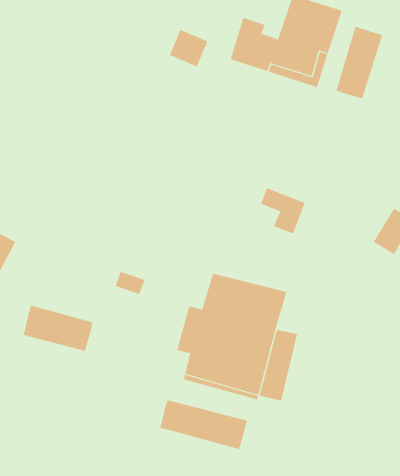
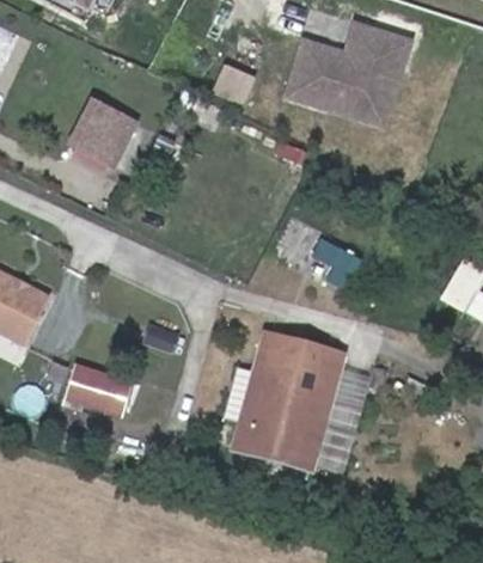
building: [336,26,383,99] -> none
building: none -> [75,106,139,173]
building: [160,399,248,450] -> none

